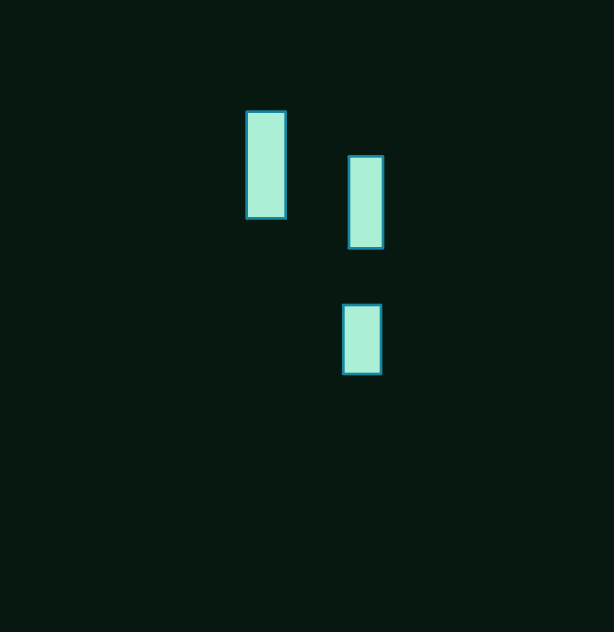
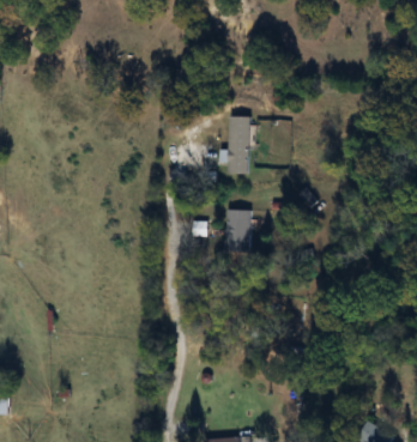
building: [247,112,286,219] -> none

